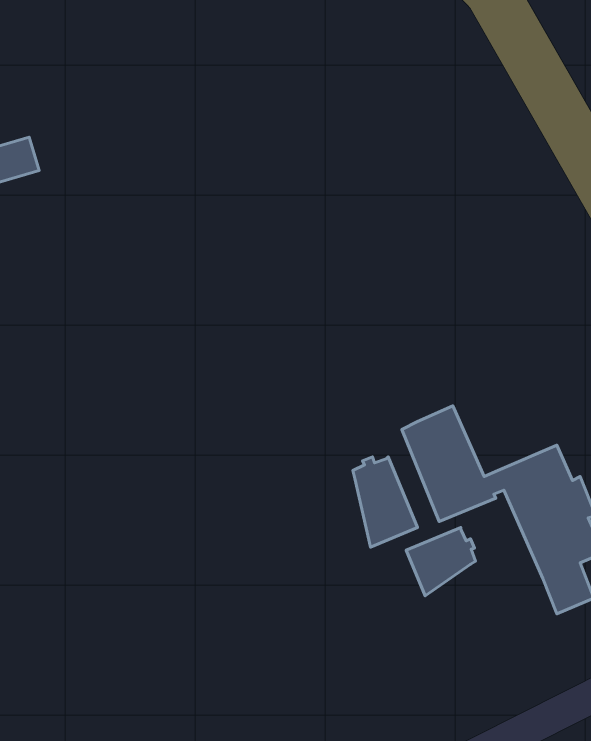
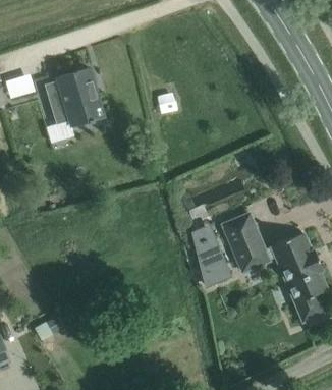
building: none -> [44,67,100,127]
building: [406,528,476,596] -> none

